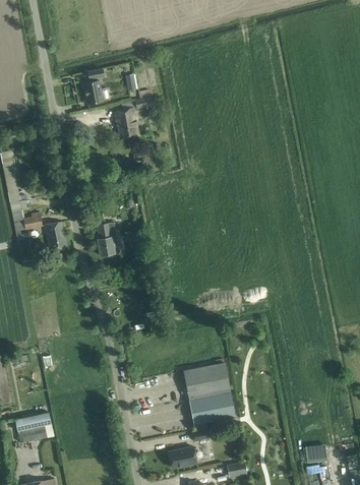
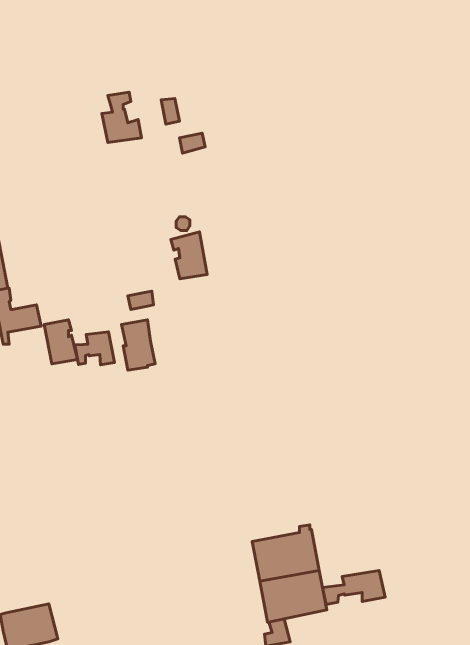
building: [114,107,138,138] -> [171,232,207,279]
building: none -> [75,332,115,365]
building: none -> [322,571,385,604]

